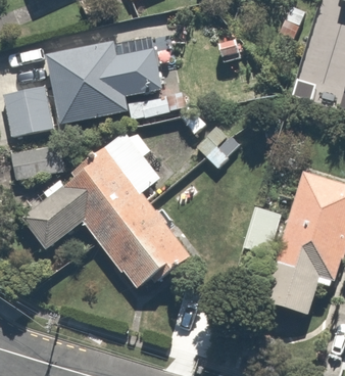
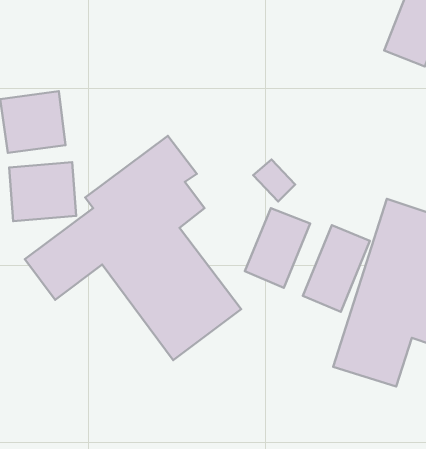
building: [52,47,164,125] -> none
building: none -> [245,208,310,288]

